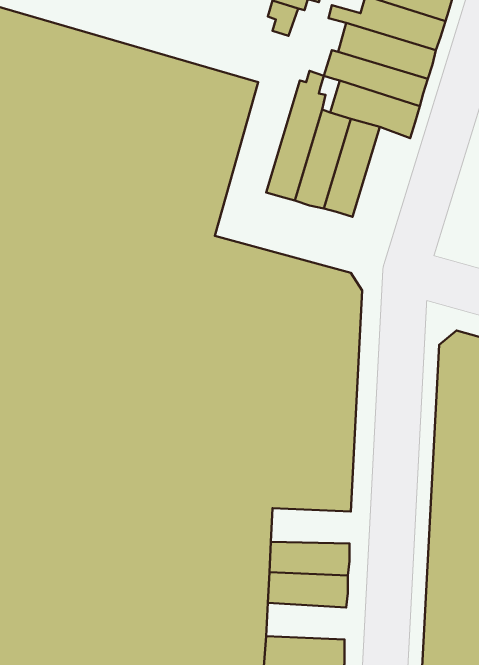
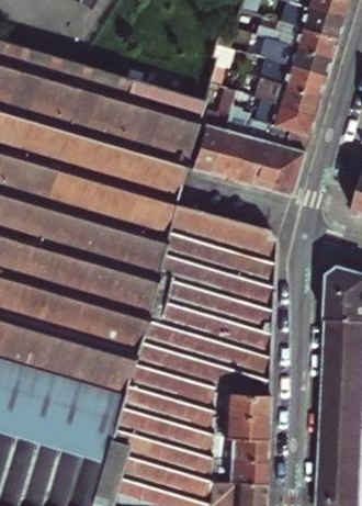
building: none -> [188,86,238,173]
building: none -> [268,128,307,196]
building: none -> [212,390,267,414]
building: none -> [208,454,263,480]

